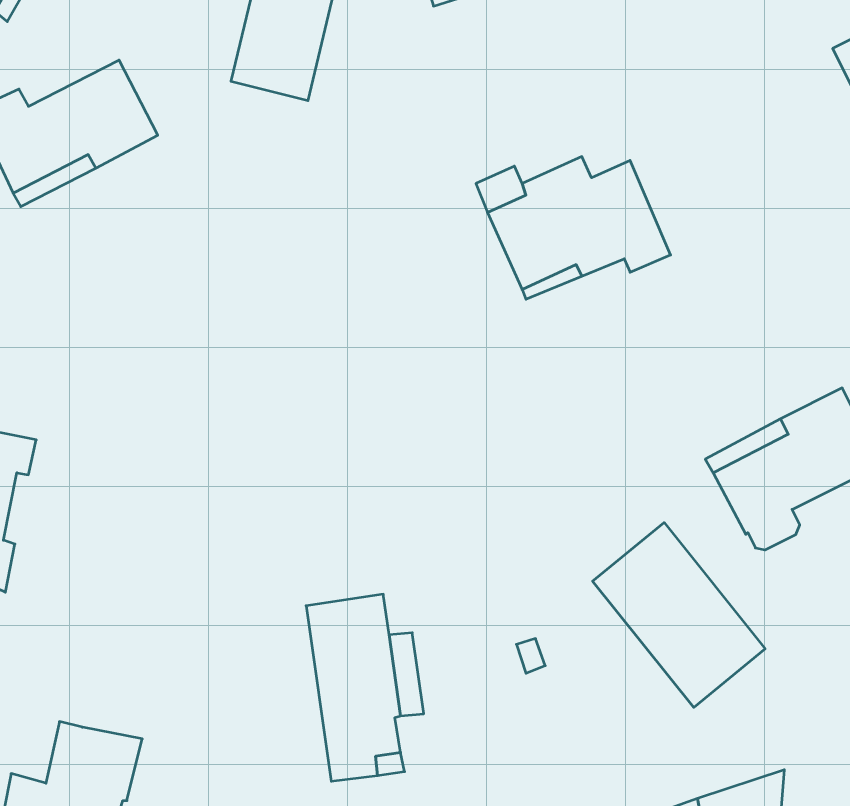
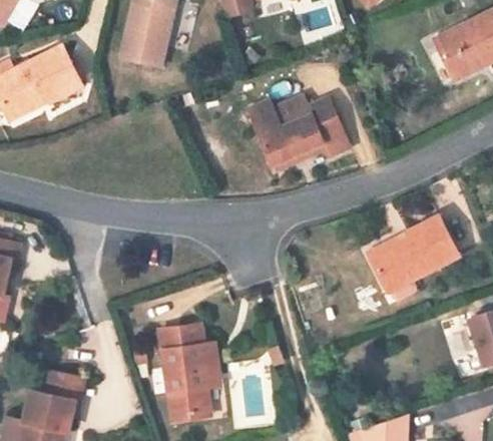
building: [593,523,765,707] -> none
building: none -> [44,371,83,399]

